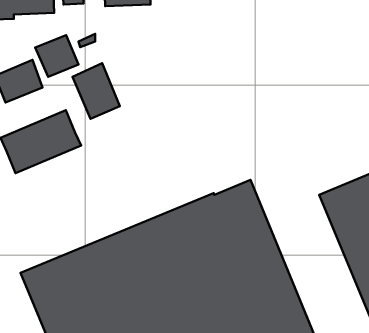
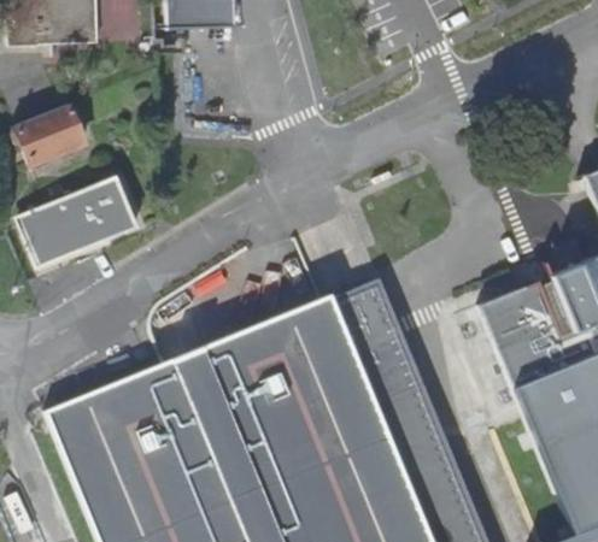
building: [35,35,78,77] -> none
building: [73,63,120,119] -> none

